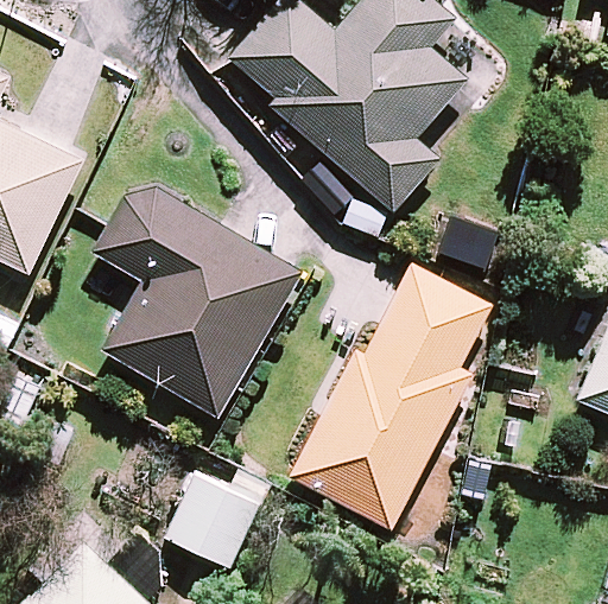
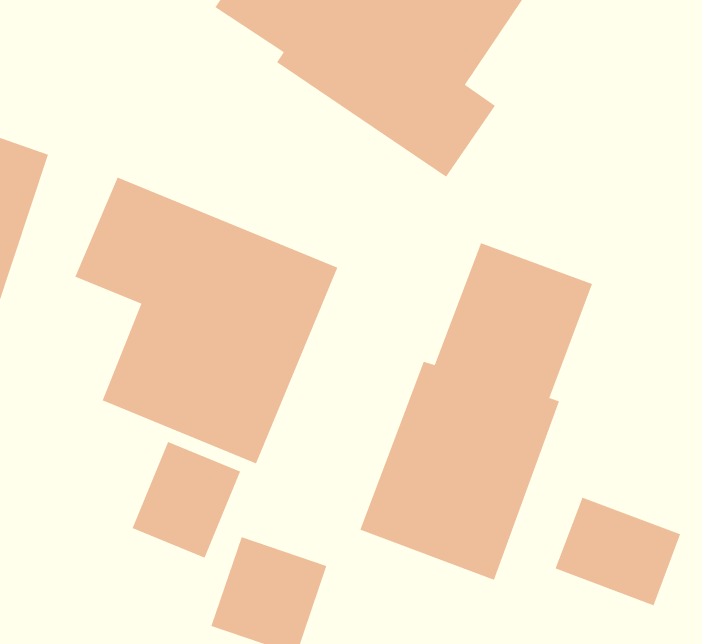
building: none -> [132,441,241,559]
building: none -> [555,497,681,606]

